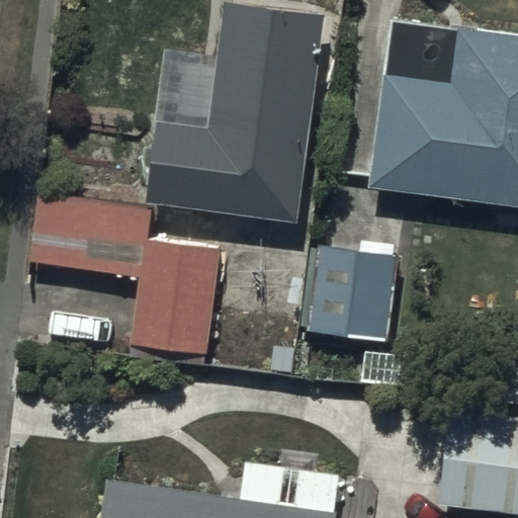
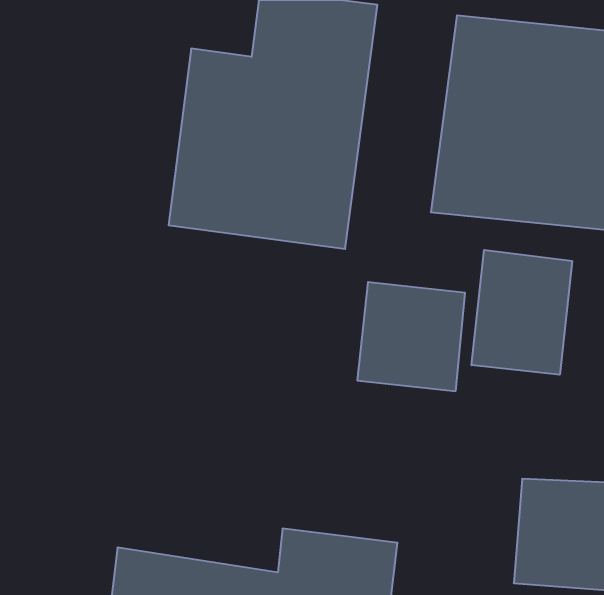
building: [30,193,221,356] -> none
building: none -> [472,250,572,375]

